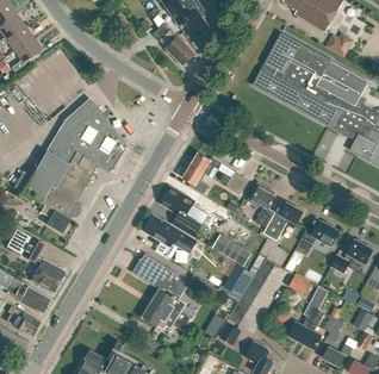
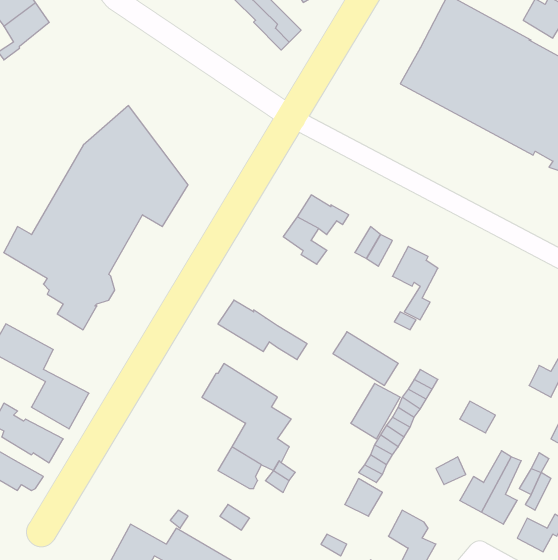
building: [162,187,201,236] -> none
building: [263,201,304,239] -> none
building: [299,219,340,247] -> none

